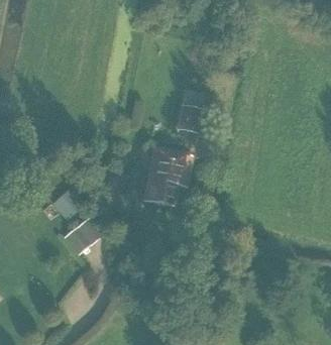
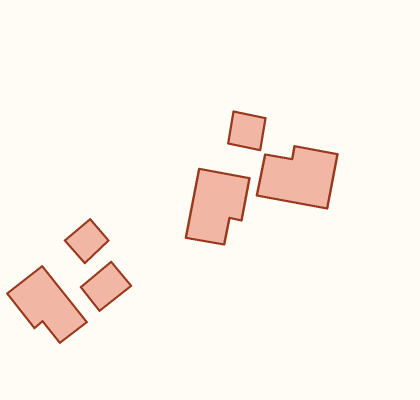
building: none -> [257,146,337,208]
building: none -> [7,266,87,343]

